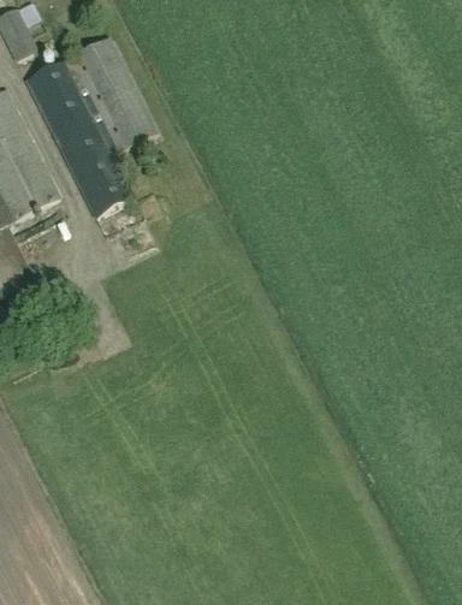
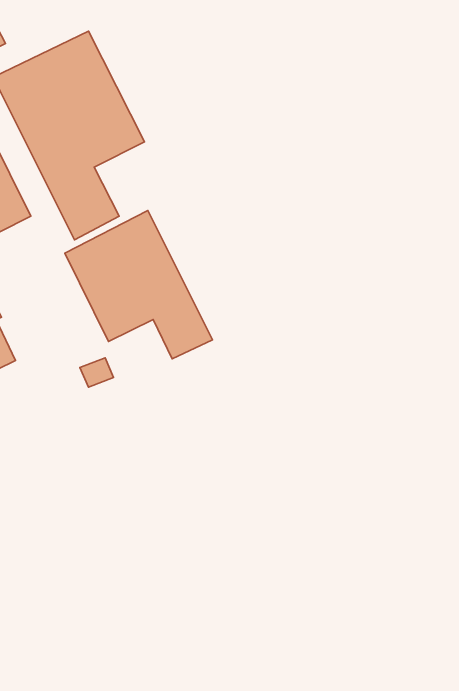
building: none -> [65,211,213,359]

